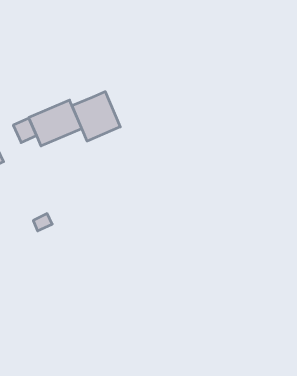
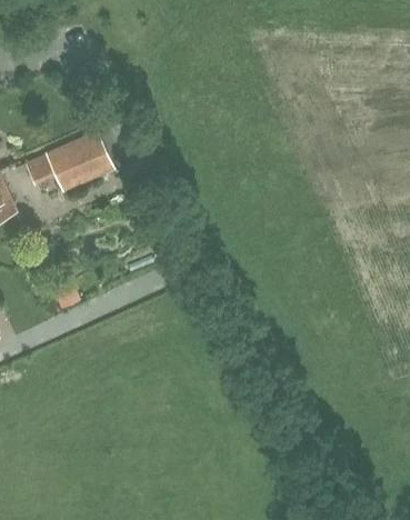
building: [72,92,120,141] -> none

